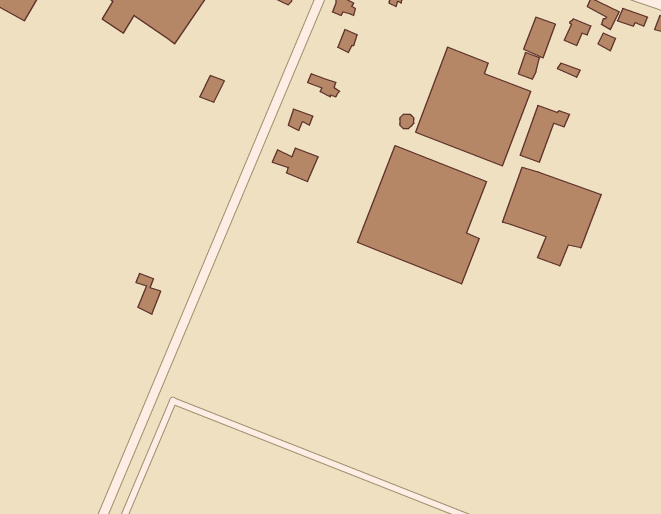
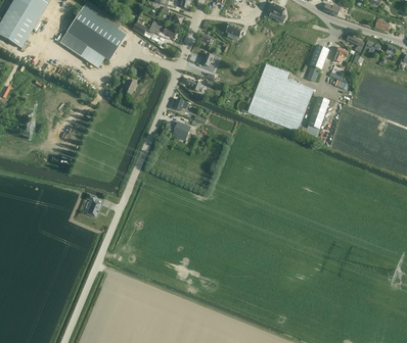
building: [358,146,487,284] -> none
building: [503,167,601,266] -> none

